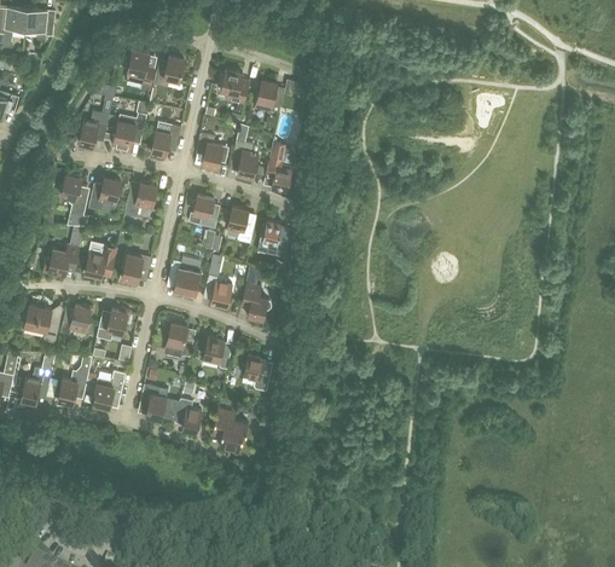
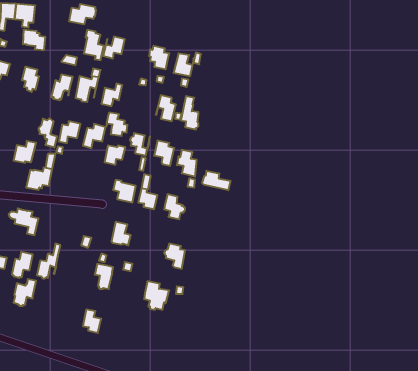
building: none -> [69,4,96,24]
building: none -> [23,29,45,50]
building: none -> [22,67,39,92]
building: [196,133,226,167] -> [107,113,128,136]
building: [83,245,116,277] -> [13,141,36,163]
building: none -> [202,171,230,190]
building: [121,254,151,282] -> [105,145,125,165]
building: [59,305,92,334] -> none
building: [95,307,129,339] -> none
building: [202,334,231,369] -> none
building: [92,370,124,409] -> [13,279,36,306]
building: [174,398,201,432] -> [83,309,101,333]

